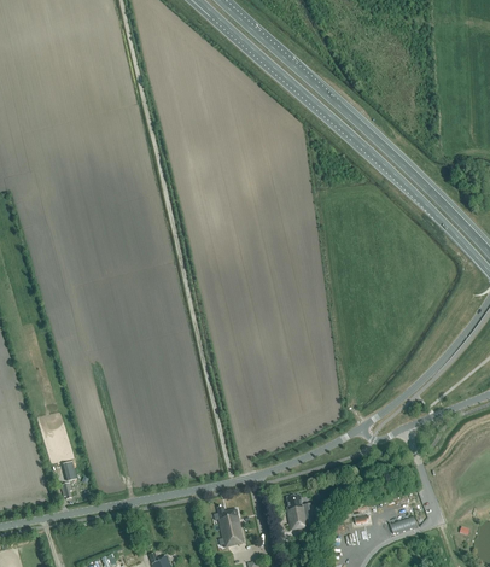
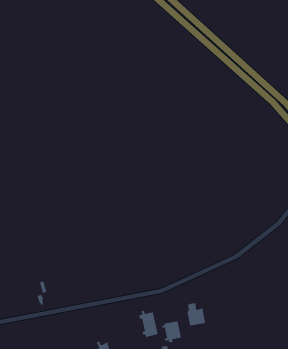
building: none -> [162,321,181,343]

